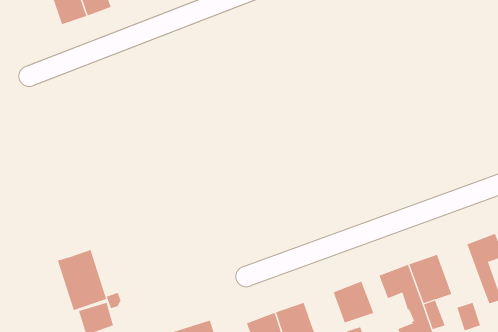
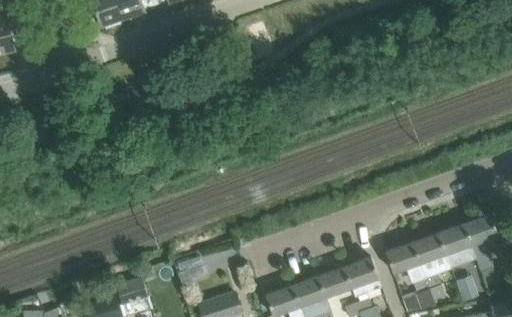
building: none -> [438,224,477,269]
building: [57,249,107,311] -> none
building: none -> [318,267,354,296]

